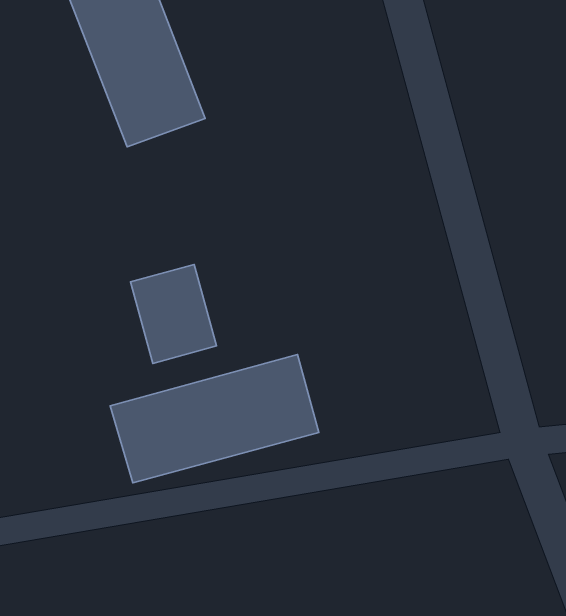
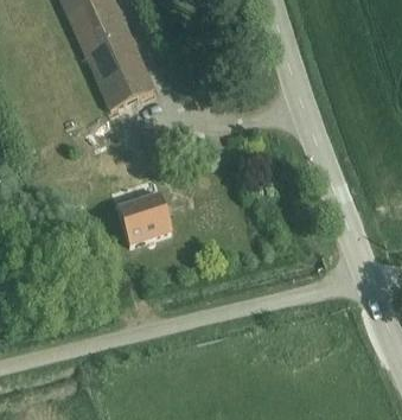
building: [110,354,319,483] -> none

